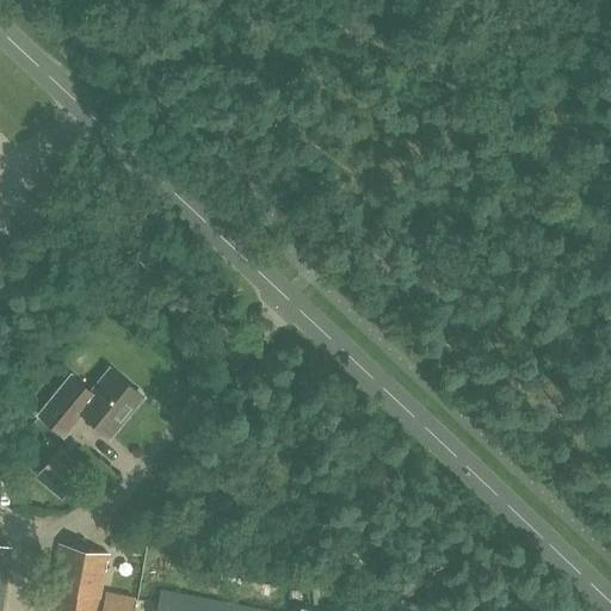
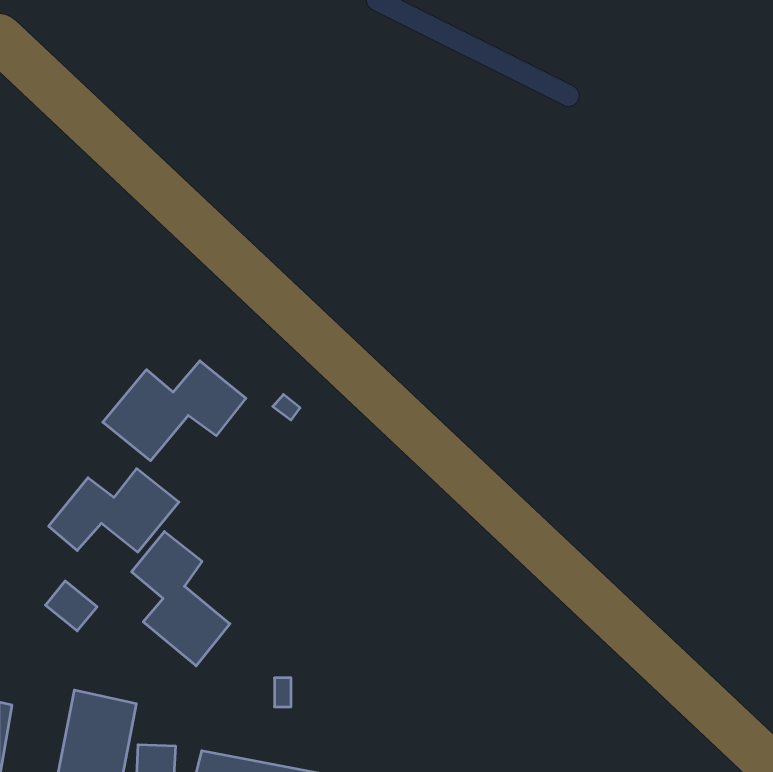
building: none -> [103,361,246,461]
building: none -> [132,531,230,666]

